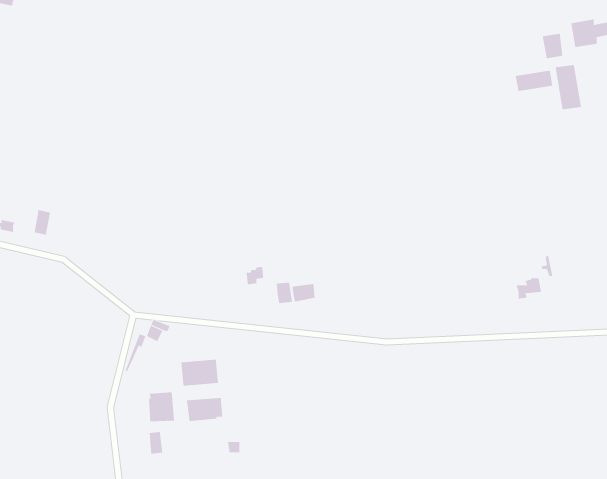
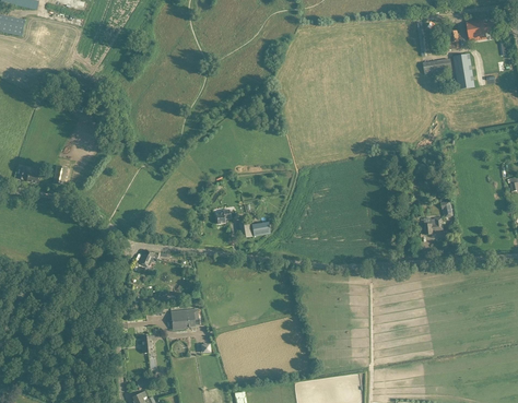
building: [181,359,219,386] -> none
building: [149,391,175,422] -> none

